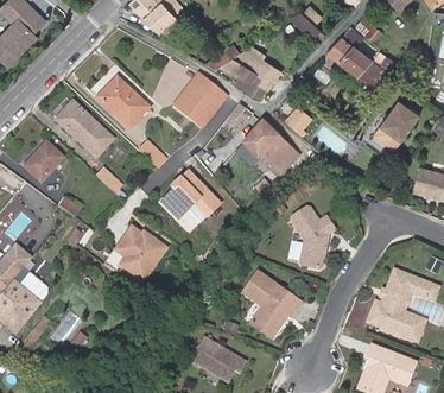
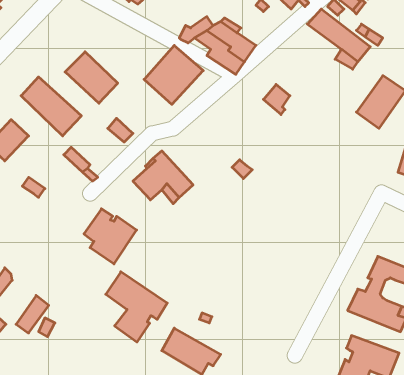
building: [241,120,299,176] -> none
building: [290,209,334,268] -> none
building: [242,272,300,338] -> [106,272,167,342]

